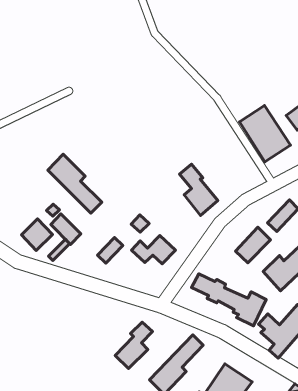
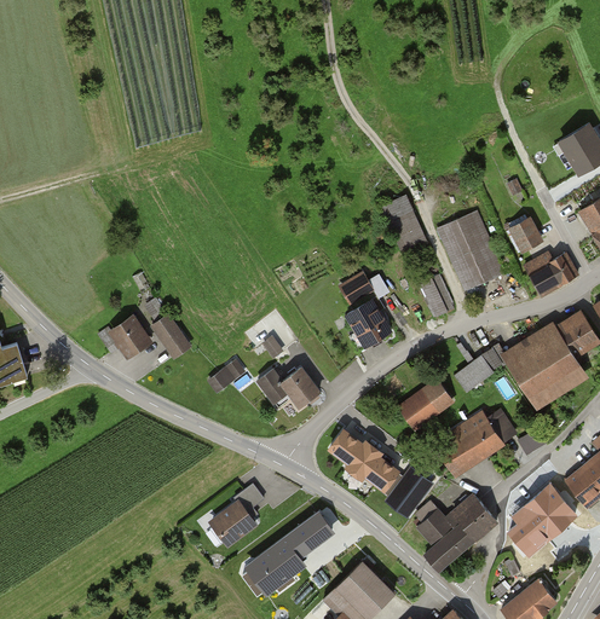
building: none -> [381,196,426,254]
building: [48,154,102,213] -> none
building: none -> [423,276,455,314]

